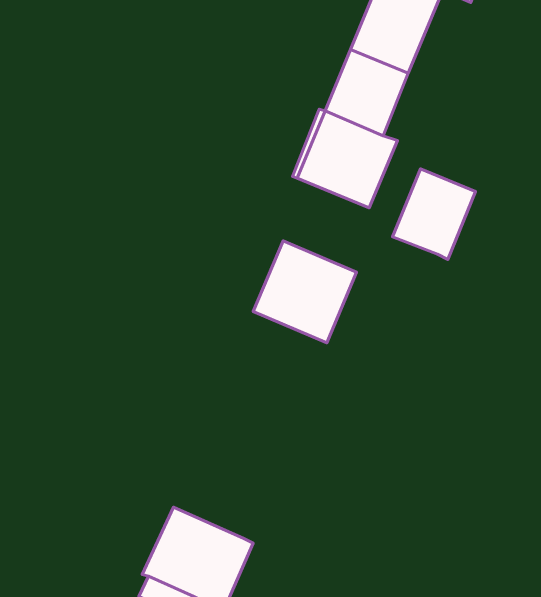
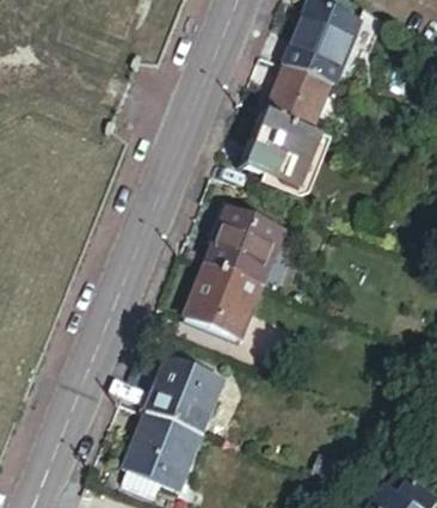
building: [393,169,476,260] -> none
building: none -> [185,259,263,335]
building: none -> [146,357,222,433]

